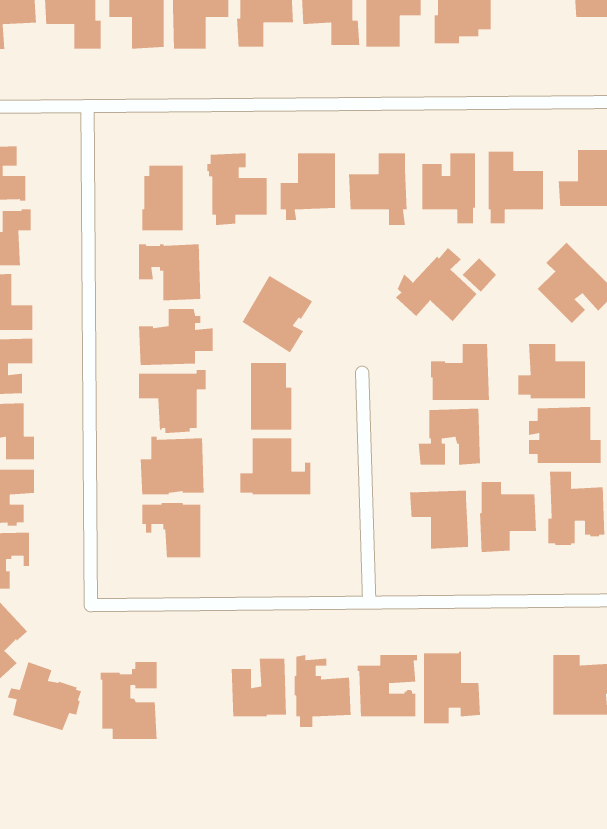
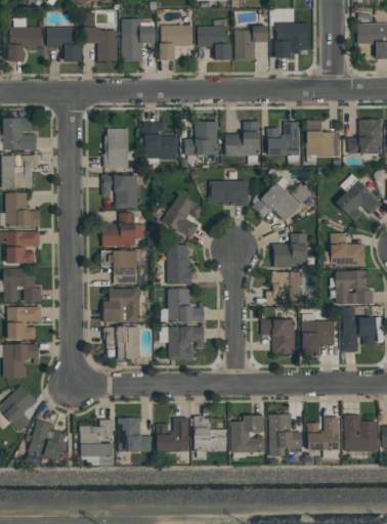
building: none -> [209,181,248,206]
building: none -> [159,326,204,365]
building: none -> [306,417,339,458]
building: none -> [117,419,152,451]

